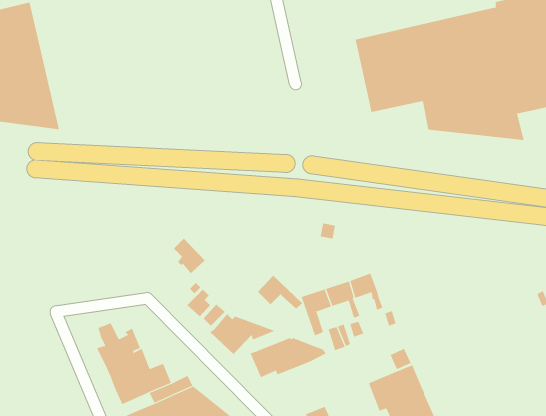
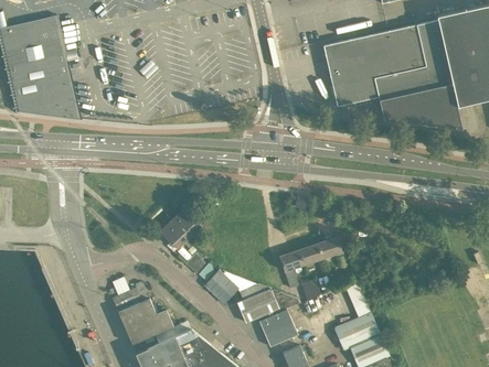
building: none -> [159,216,188,248]
building: [257,275,303,310] -> none
building: none -> [257,309,297,346]

